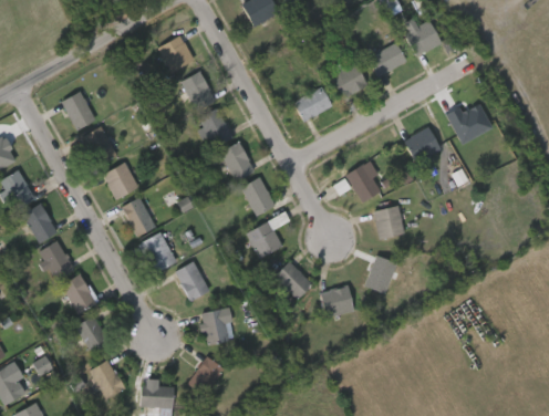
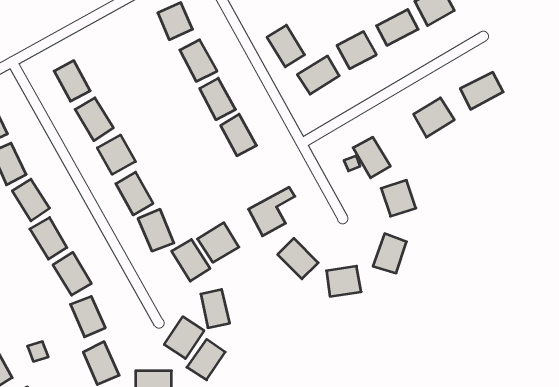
building: none -> [267,25,305,67]
building: [241,177,274,216] -> none
building: none -> [197,223,239,262]
building: none -> [164,317,204,359]

